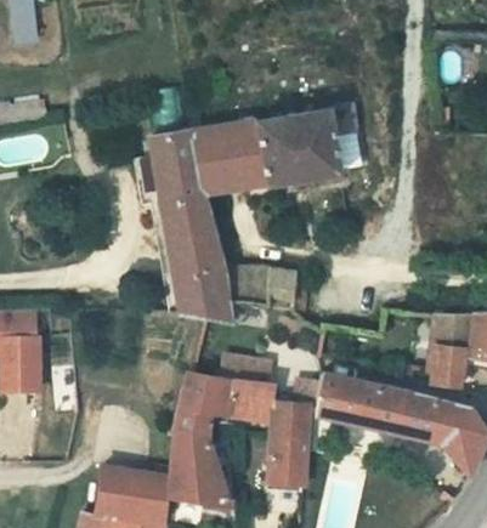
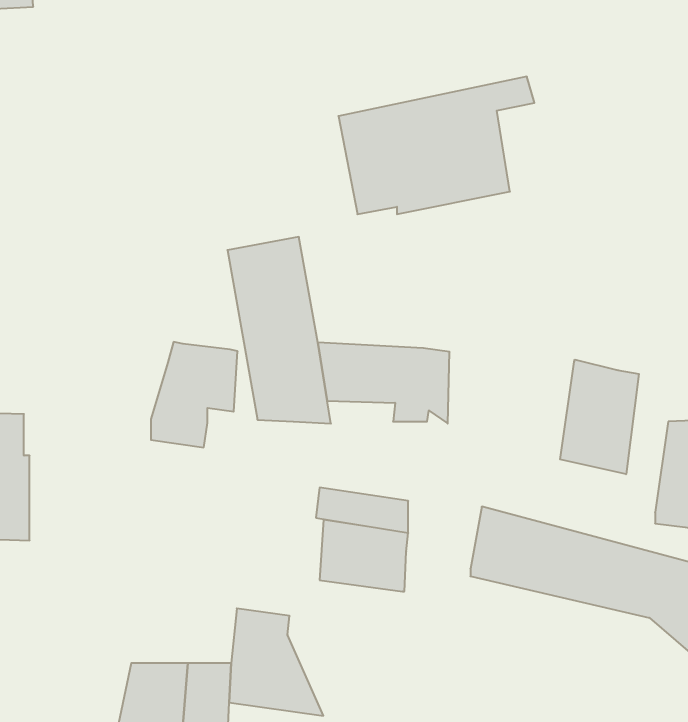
building: [149,120,245,206] -> none
building: none -> [560,360,639,474]
building: [168,374,223,442] -> [151,342,238,447]
building: [271,401,310,488] -> none

